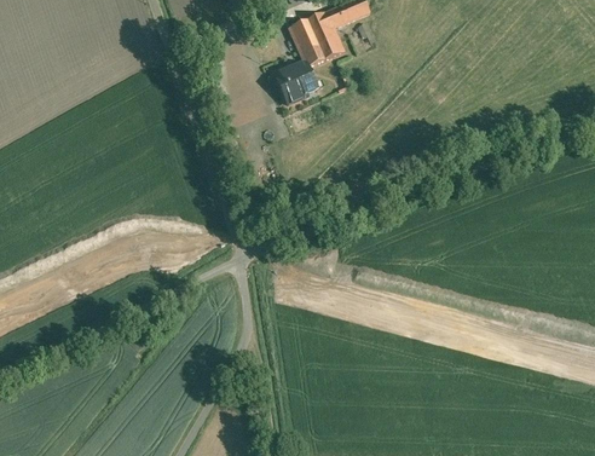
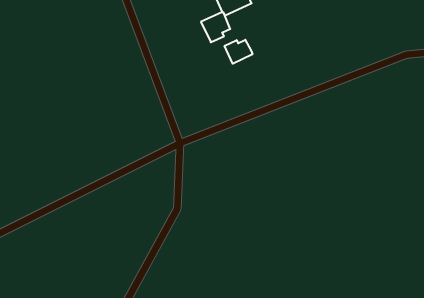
building: none -> [225,40,253,64]

